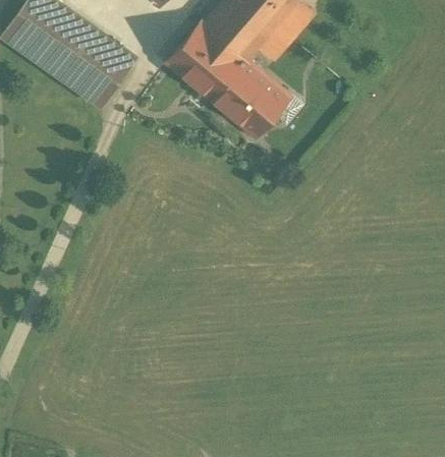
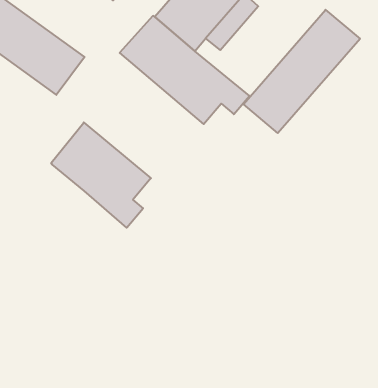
building: none -> [243,10,360,133]
building: none -> [51,122,151,228]

